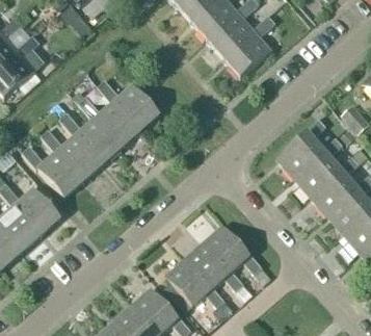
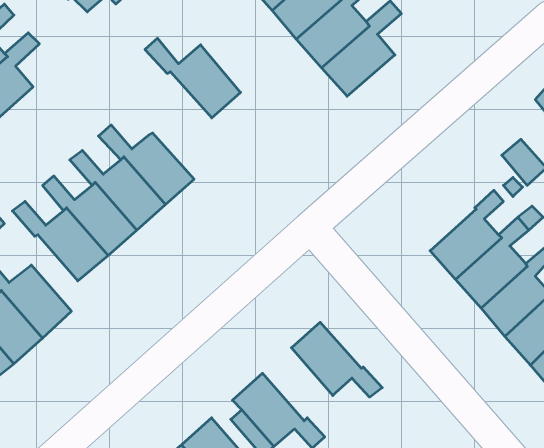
building: [96,79,158,131] -> [145,38,241,118]
building: [275,119,324,178] -> none
building: [184,241,243,290] -> none

